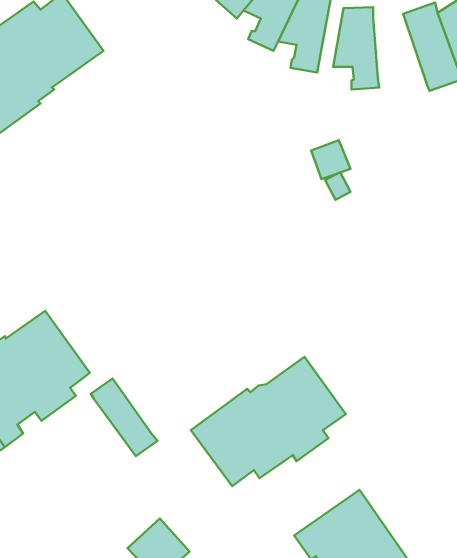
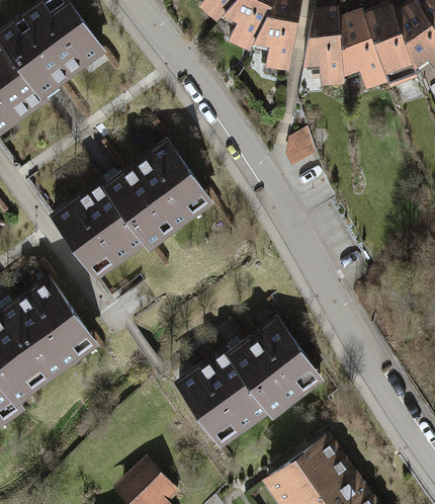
building: none -> [340,13,387,89]
building: none -> [55,144,204,268]
building: [91,379,158,456] -> none

